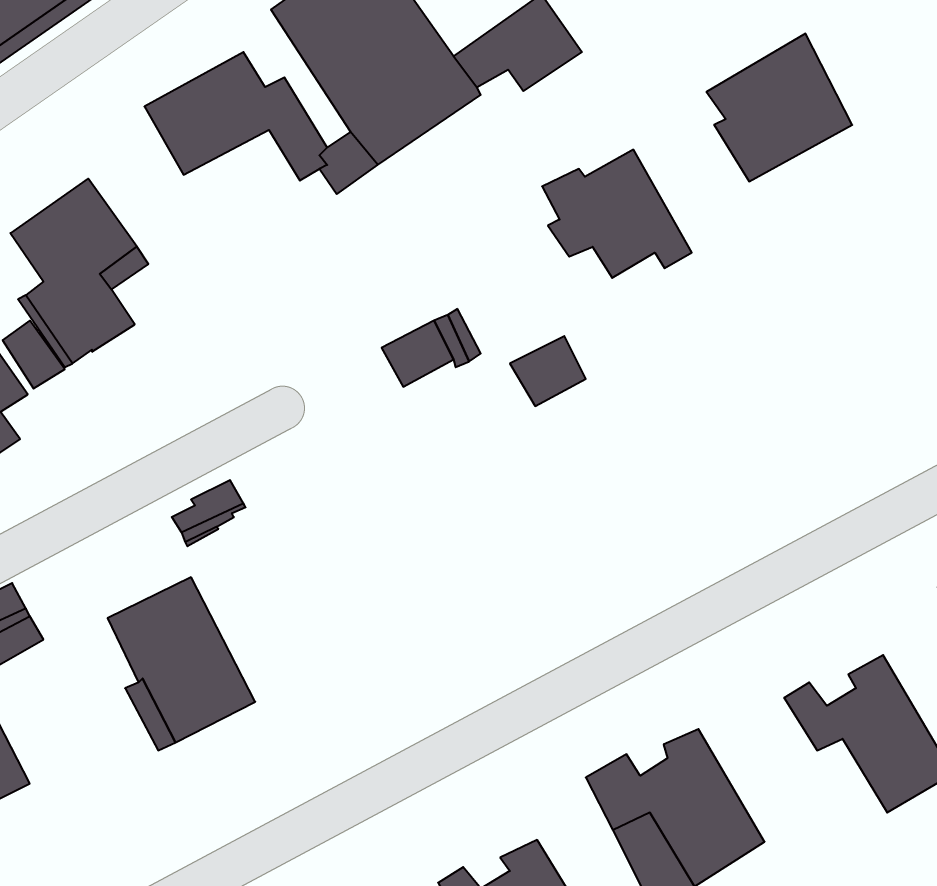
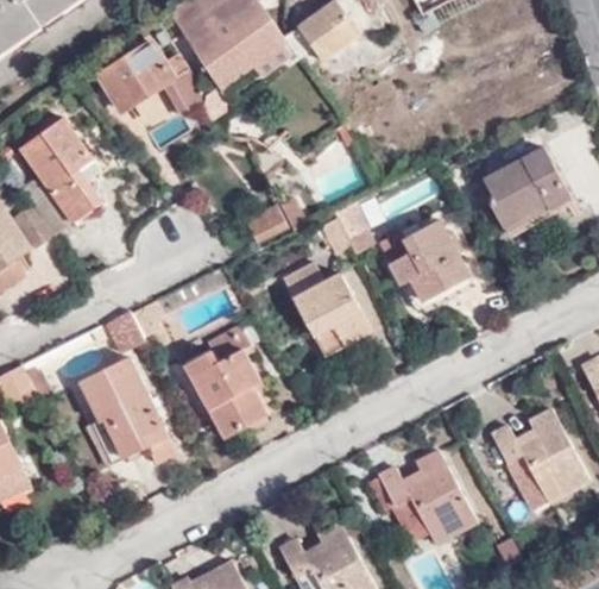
building: [706,34,852,181] -> [484,144,573,234]
building: [542,150,692,278] -> [383,217,474,295]
building: none -> [285,264,370,356]
building: none -> [181,325,265,444]

